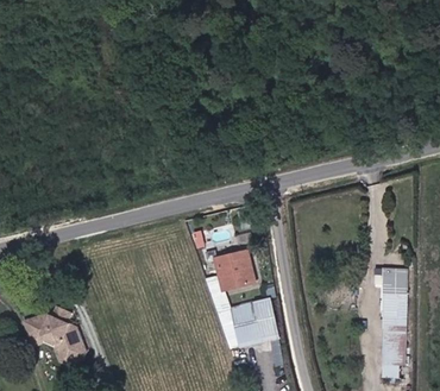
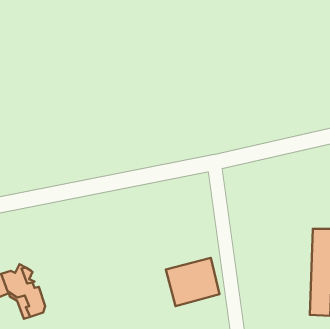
building: [216,253,254,288] -> none

